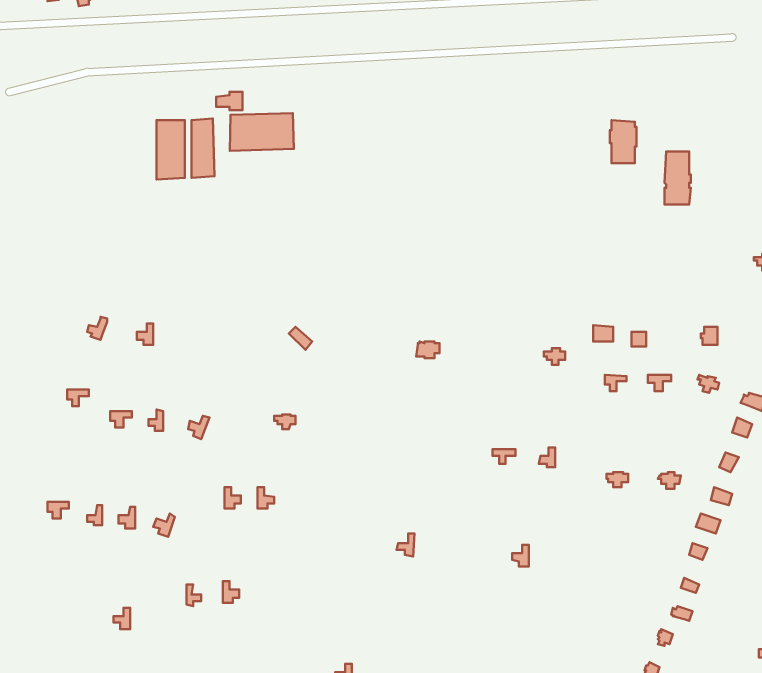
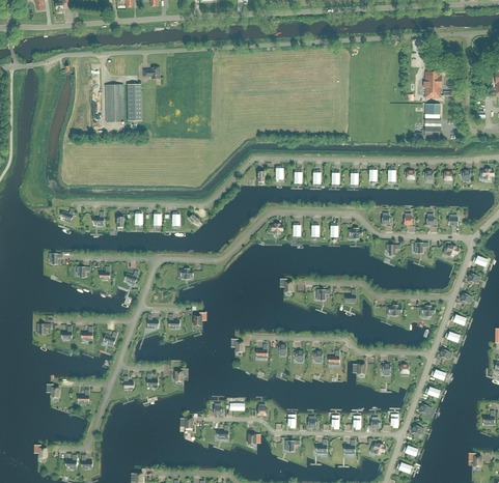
building: [230,113,294,151] -> none
building: [610,120,636,163] -> [423,72,440,98]

